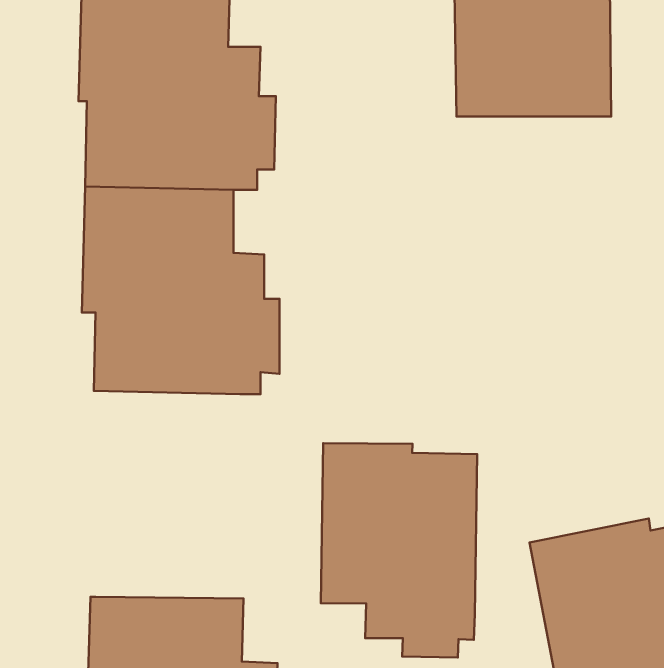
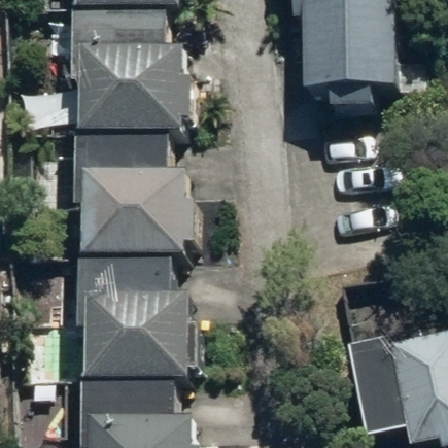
building: none -> [77,251,191,378]
building: [321,443,477,657] -> none

